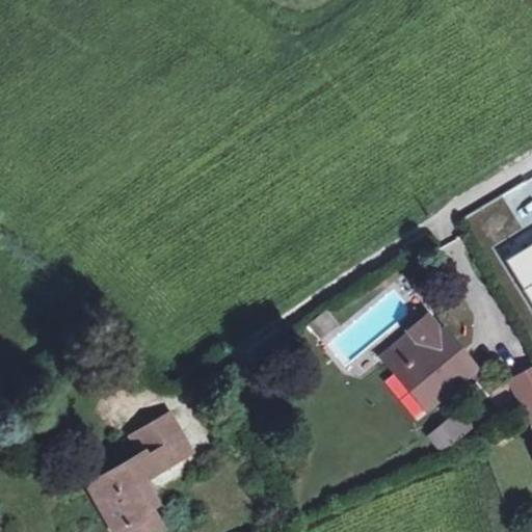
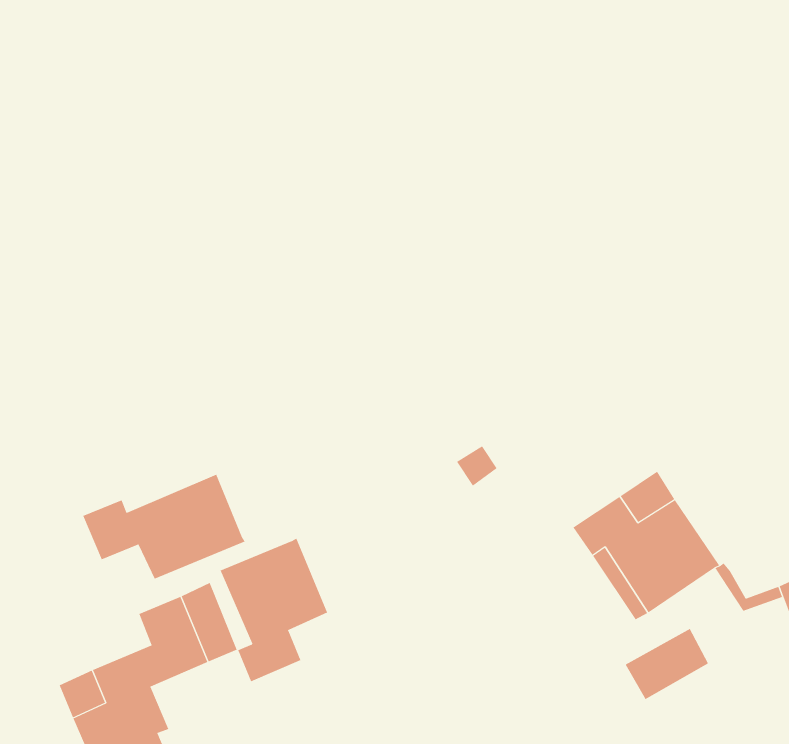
building: none -> [82,474,245,579]
building: none -> [220,537,328,682]

